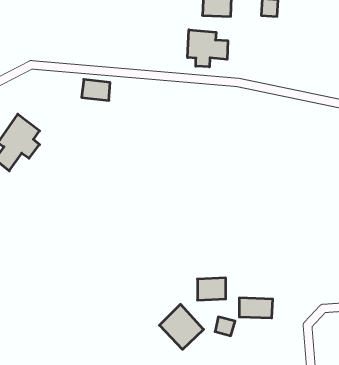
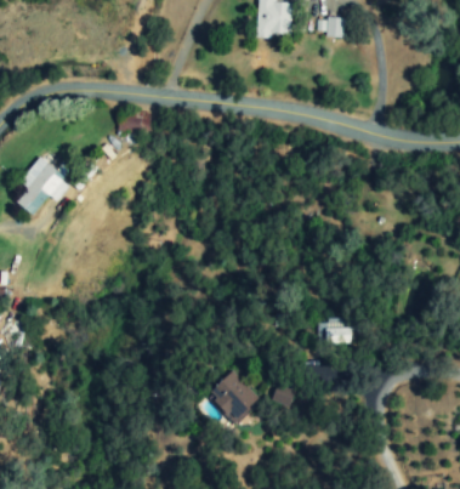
building: [188,30,228,67] -> none
building: [197,278,226,300] -> [317,318,350,343]

